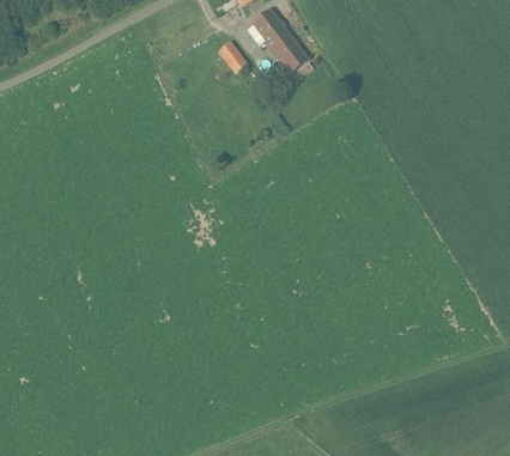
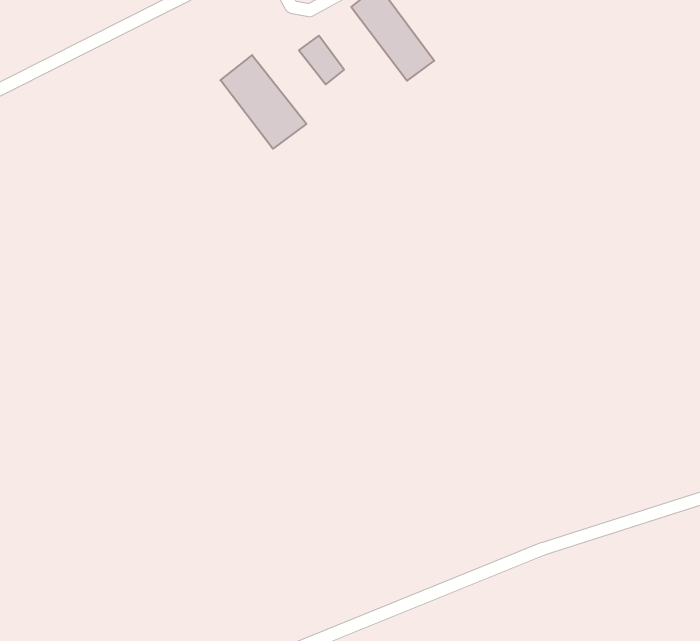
building: none -> [220,55,306,149]

